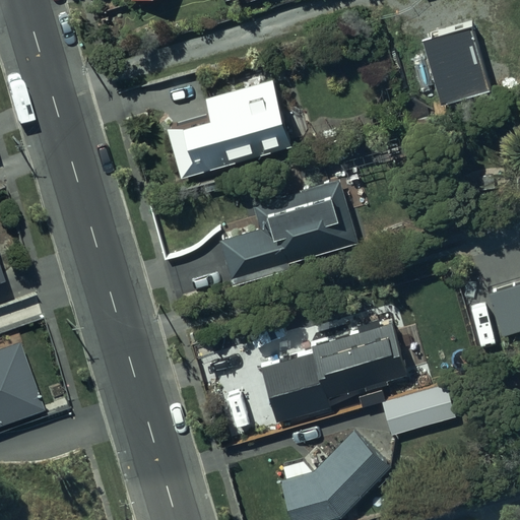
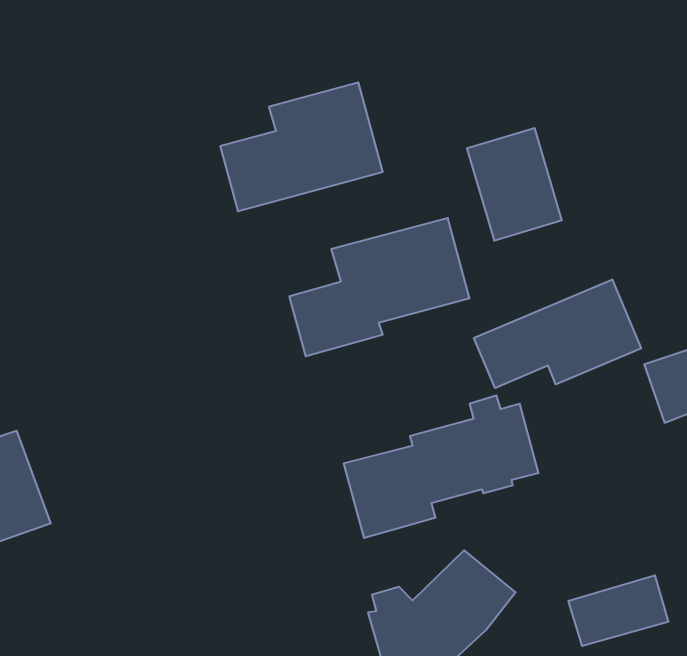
building: [424,27,495,112] -> [467,128,562,241]
building: none -> [474,279,641,388]
building: [380,383,455,436] -> [568,575,669,646]

